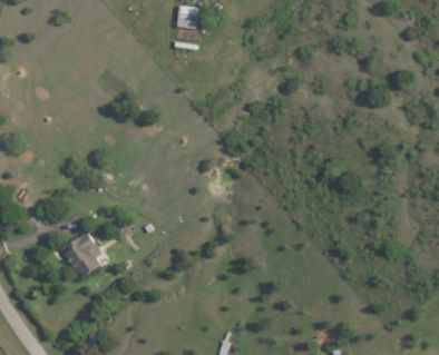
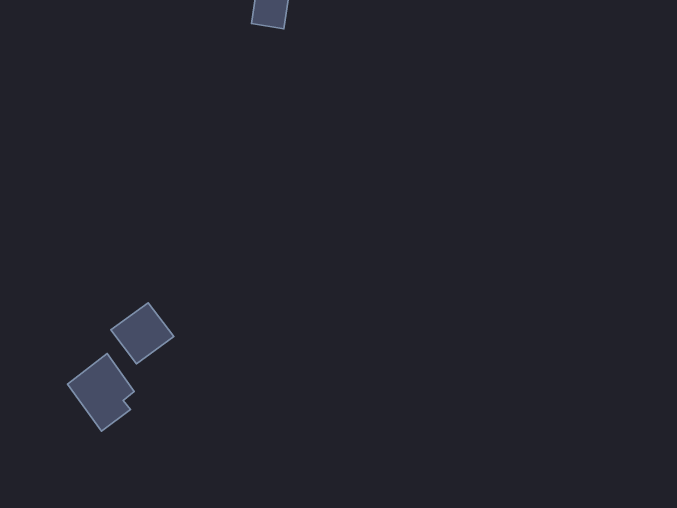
building: none -> [111,303,174,364]

